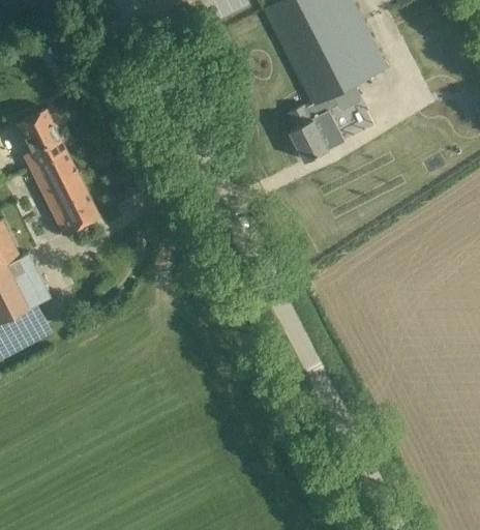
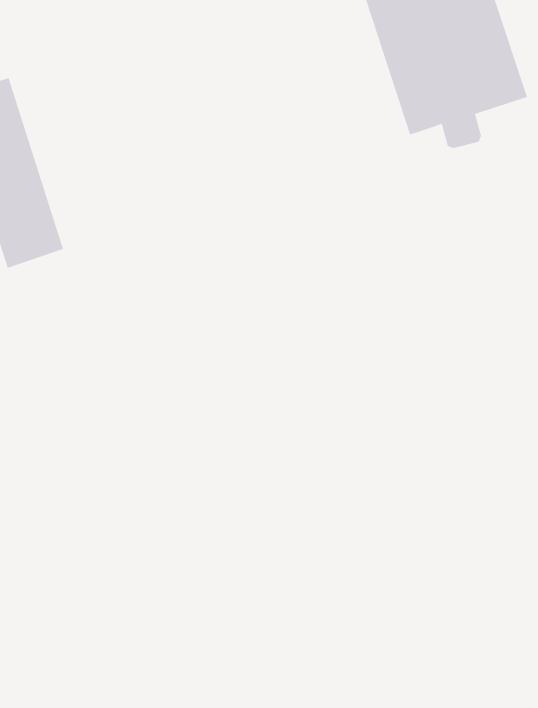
building: [290,105,344,160] -> none

